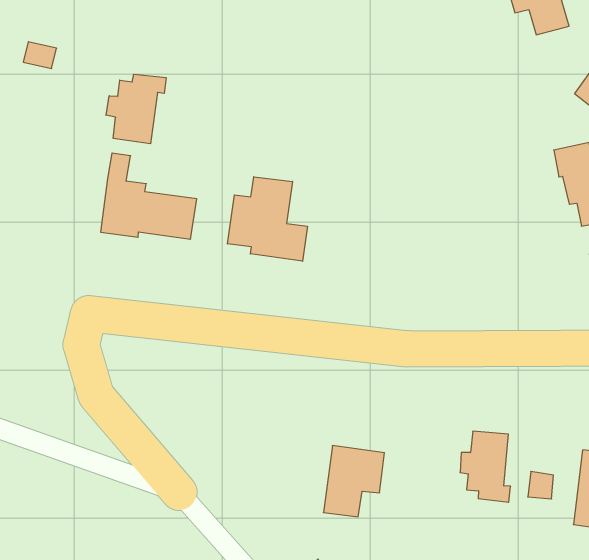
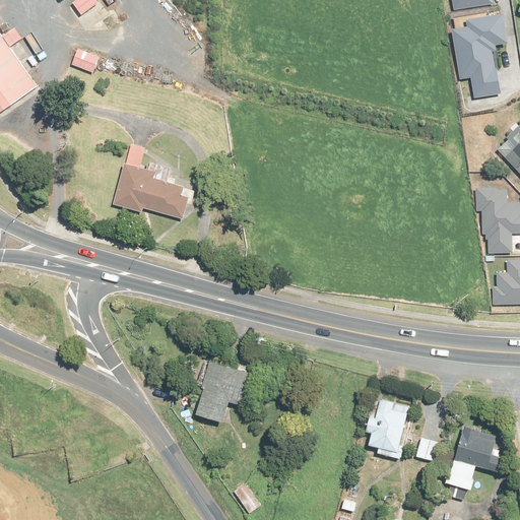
building: [106,74,166,144] -> none
building: [228,177,307,261] -> none
building: [323,446,384,517] -> [197,363,251,420]

